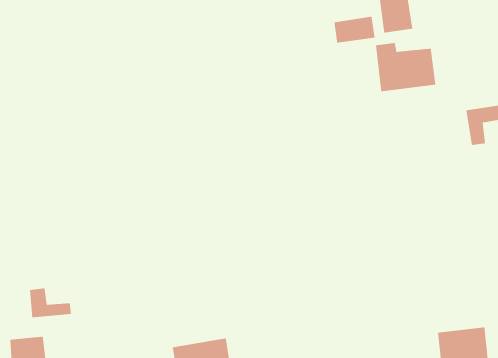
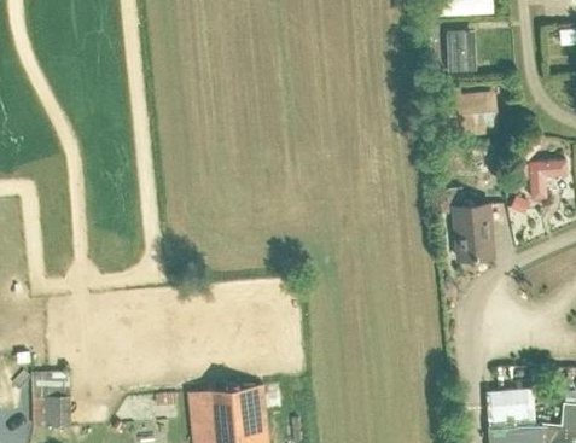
building: [334,16,375,43] -> none
building: none -> [452,203,495,261]
building: [29,288,72,318] -> none

